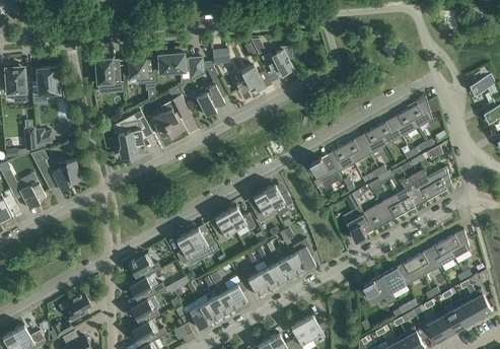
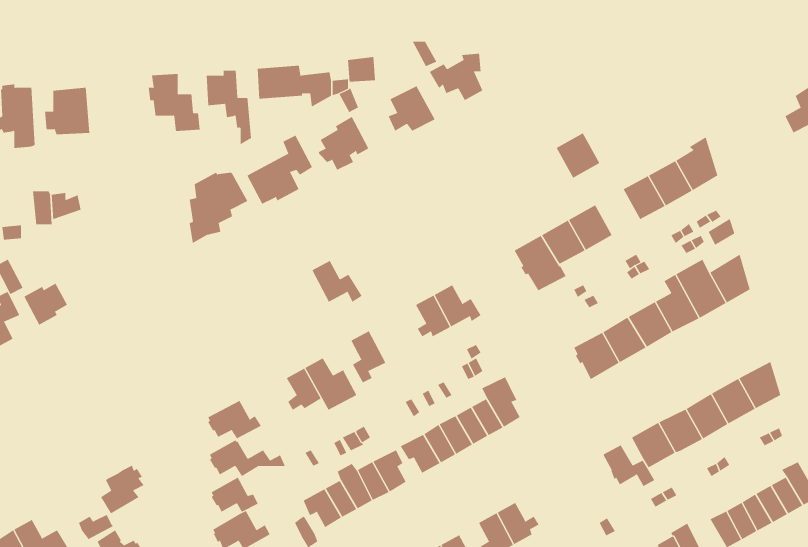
building: [359,127,385,154] -> [556,133,600,179]
building: [35,159,79,191] -> none
building: [224,205,255,230] -> [311,260,362,303]

